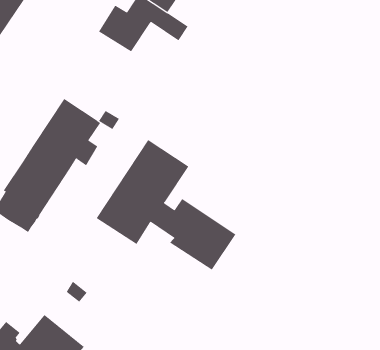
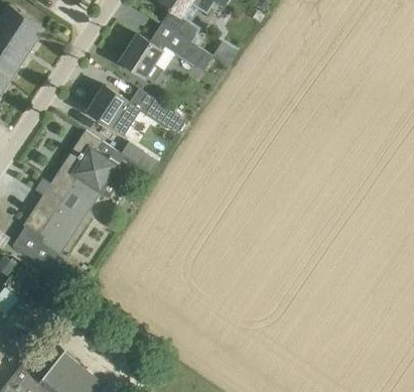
building: none -> [88,86,185,135]
building: [96,139,236,271] -> none

